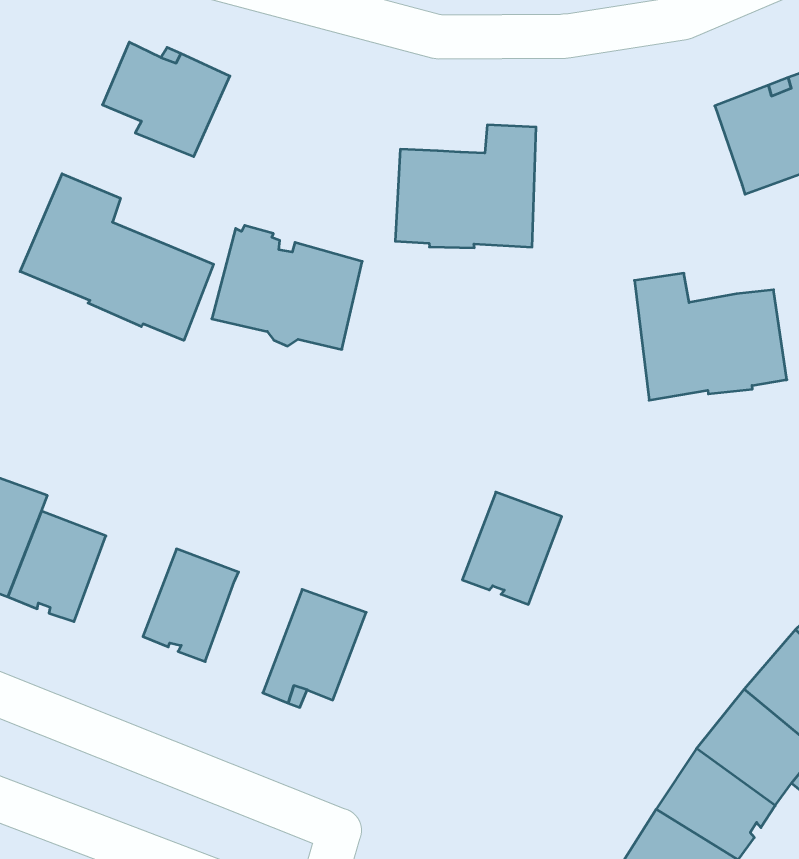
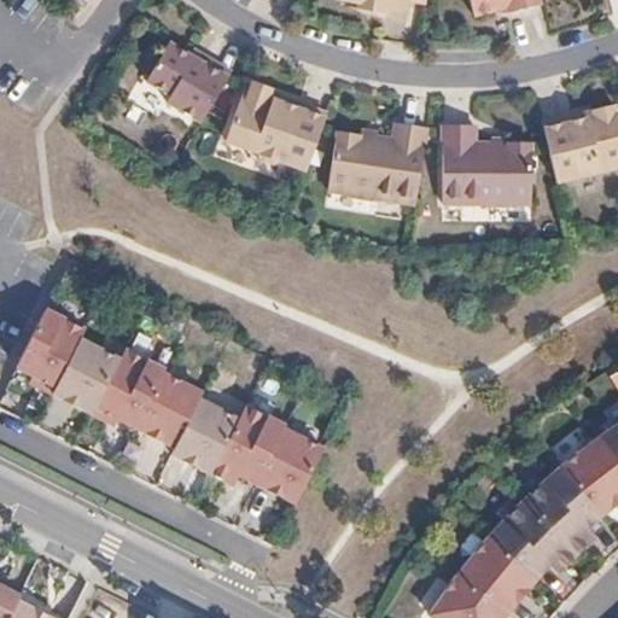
building: [20,174,214,340] -> none
building: [212,225,362,349] -> [227,78,328,165]
building: [634,273,787,400] -> [442,126,534,205]
building: [462,492,562,604] -> [255,427,323,502]
building: none -> [93,350,165,427]
building: none -> [171,398,238,472]

